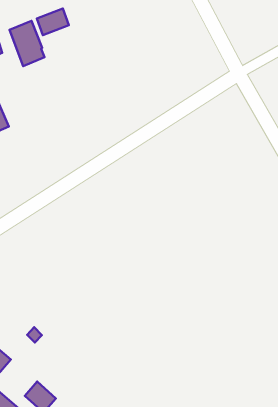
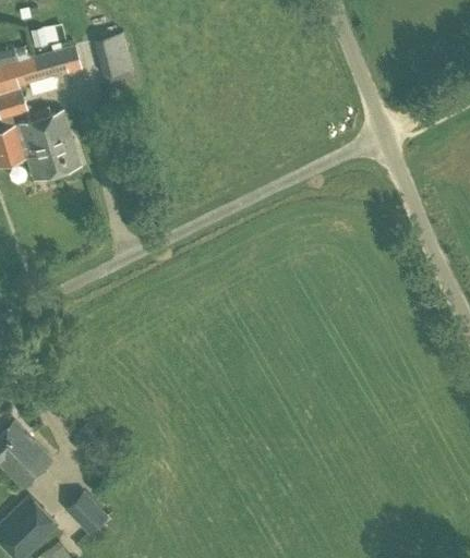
building: [37,8,69,35] -> none

